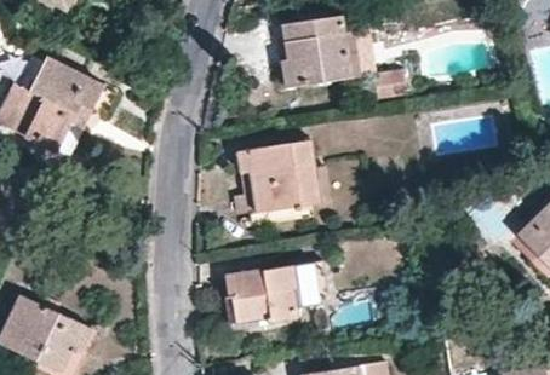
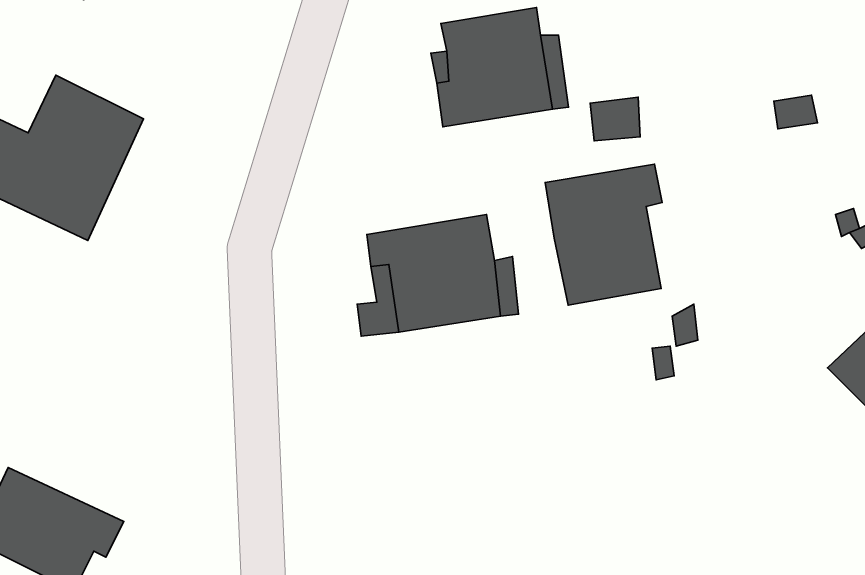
building: none -> [545,164,662,305]
building: [223,260,327,322] -> none

